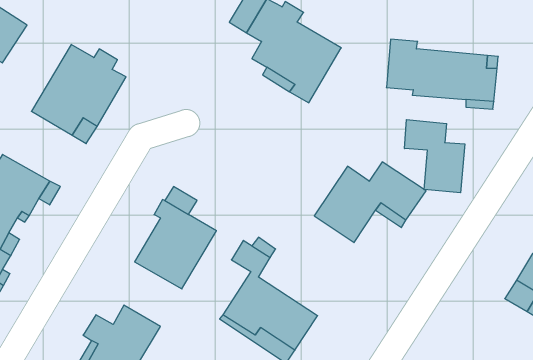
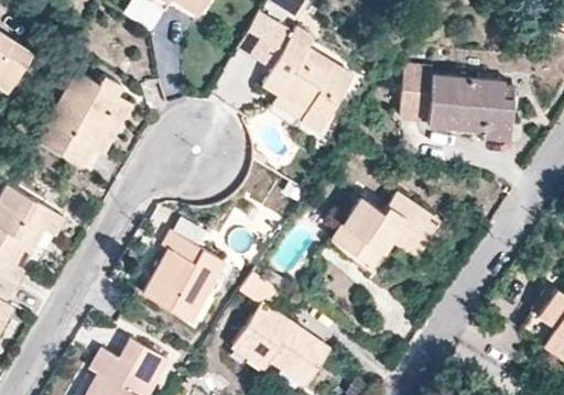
building: [405,120,465,193] -> none

